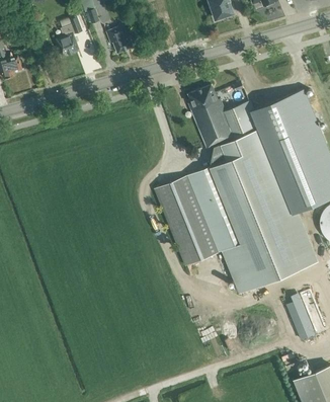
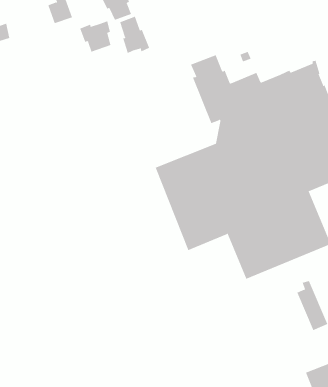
building: none -> [120,16,150,54]
building: none -> [79,20,111,53]

